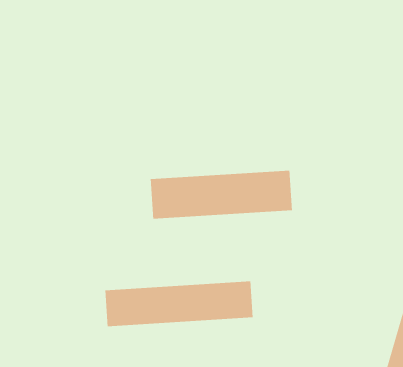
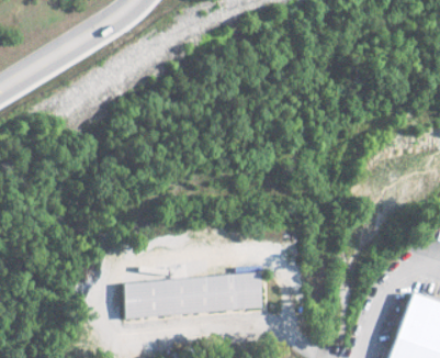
building: [150,170,292,220] -> none

